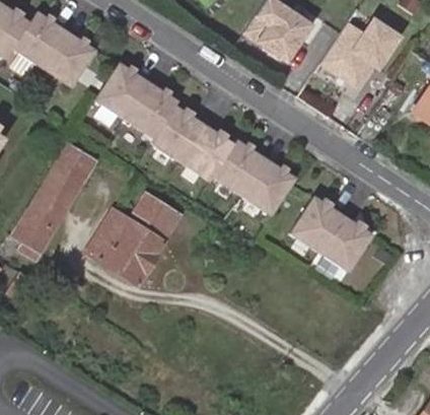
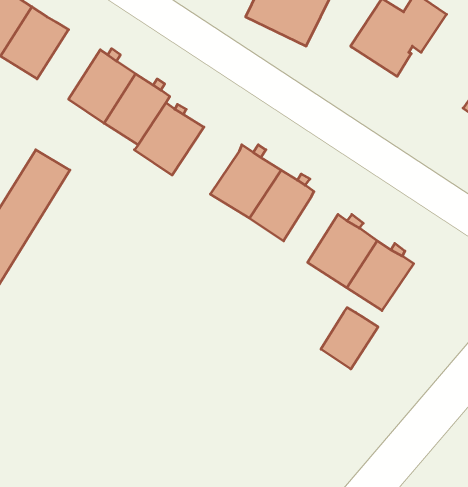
building: [180,126,233,183] -> none
building: [87,194,181,285] -> none
building: none -> [321,308,378,369]

